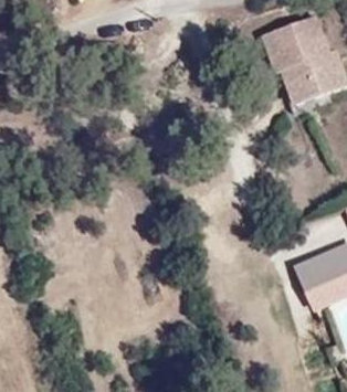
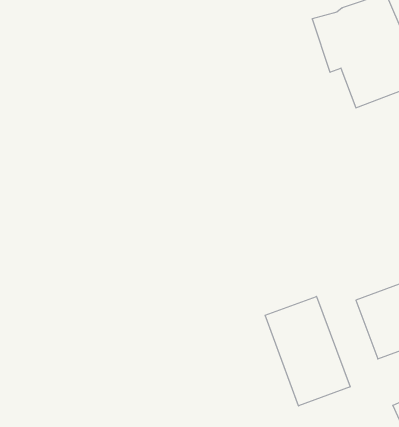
building: none -> [265,296,350,406]

